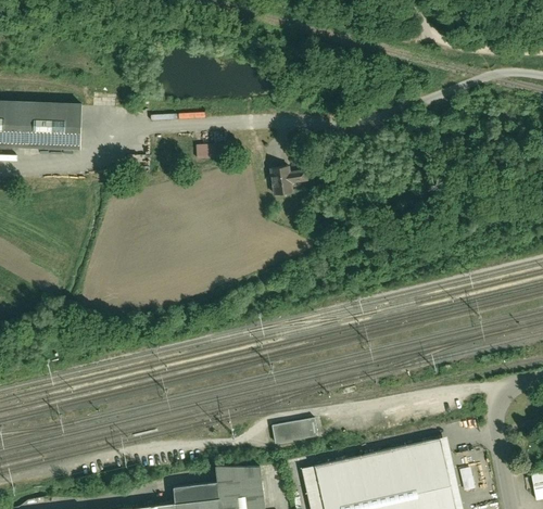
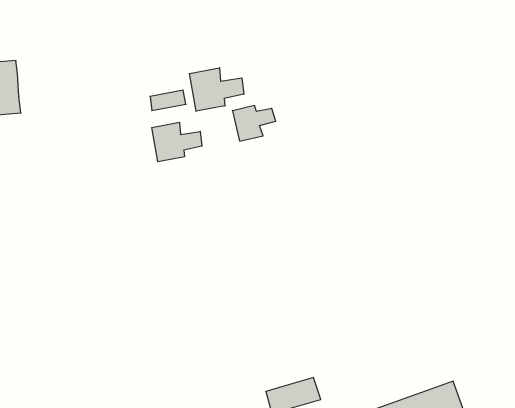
building: none -> [189,68,244,111]
building: none -> [152,122,202,162]

